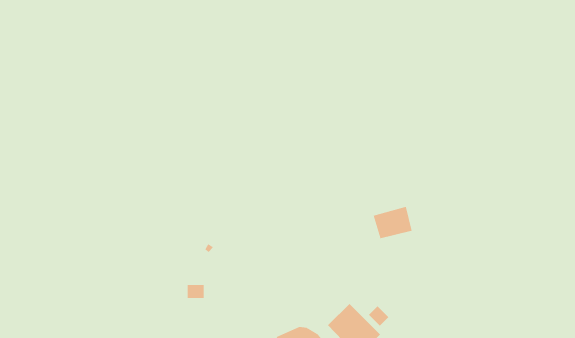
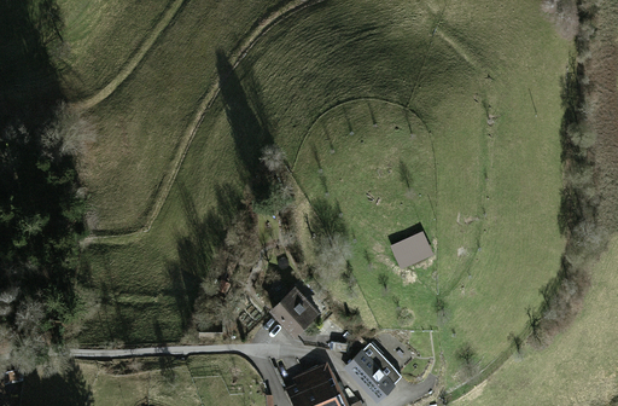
building: none -> [273,289,315,331]

